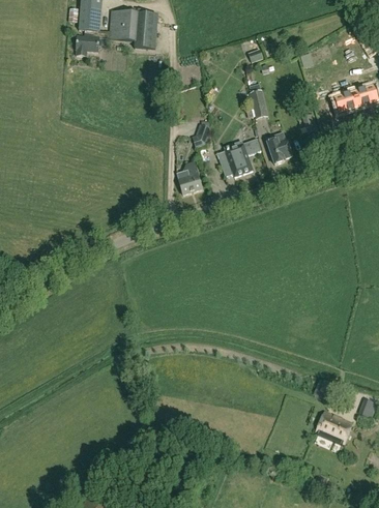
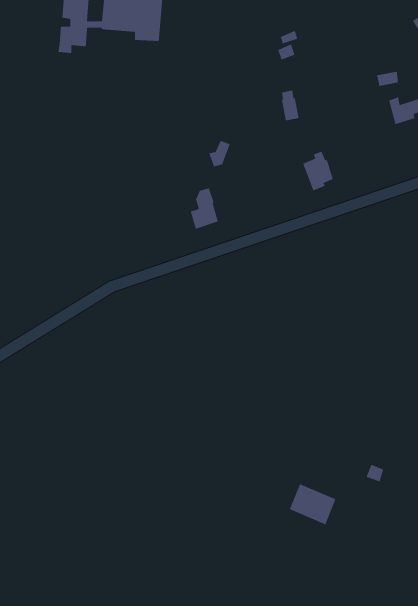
building: [217,138,261,176] -> none
building: [316,409,353,442] -> [289,483,336,525]

